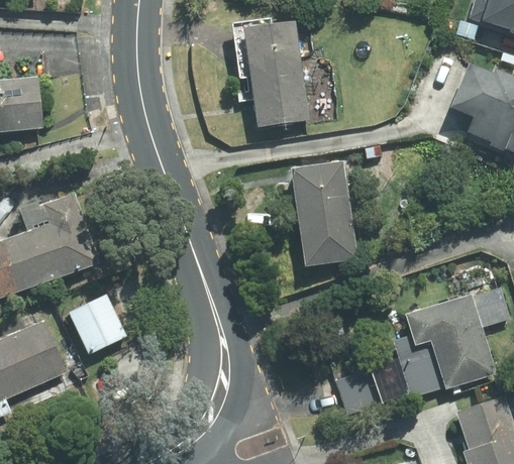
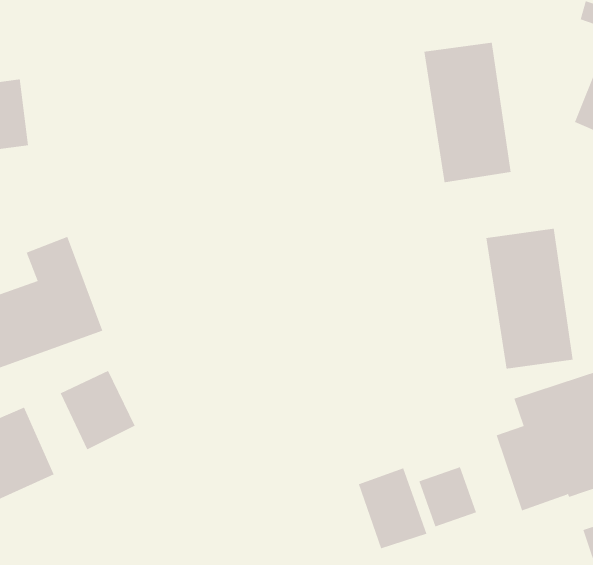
building: [244,22,310,127] -> [423,42,511,183]
building: [293,161,358,266] -> [485,228,573,369]
building: none -> [358,468,427,549]

